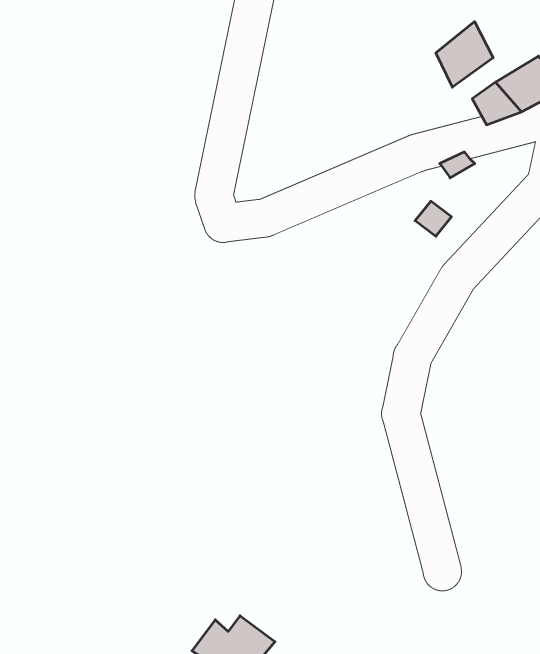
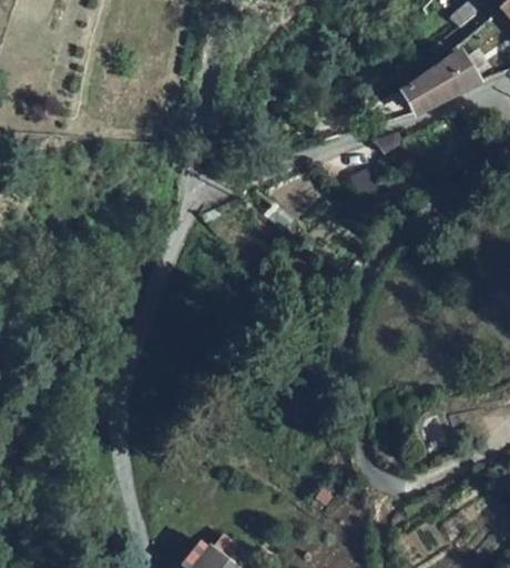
building: [436,22,493,87] -> none

